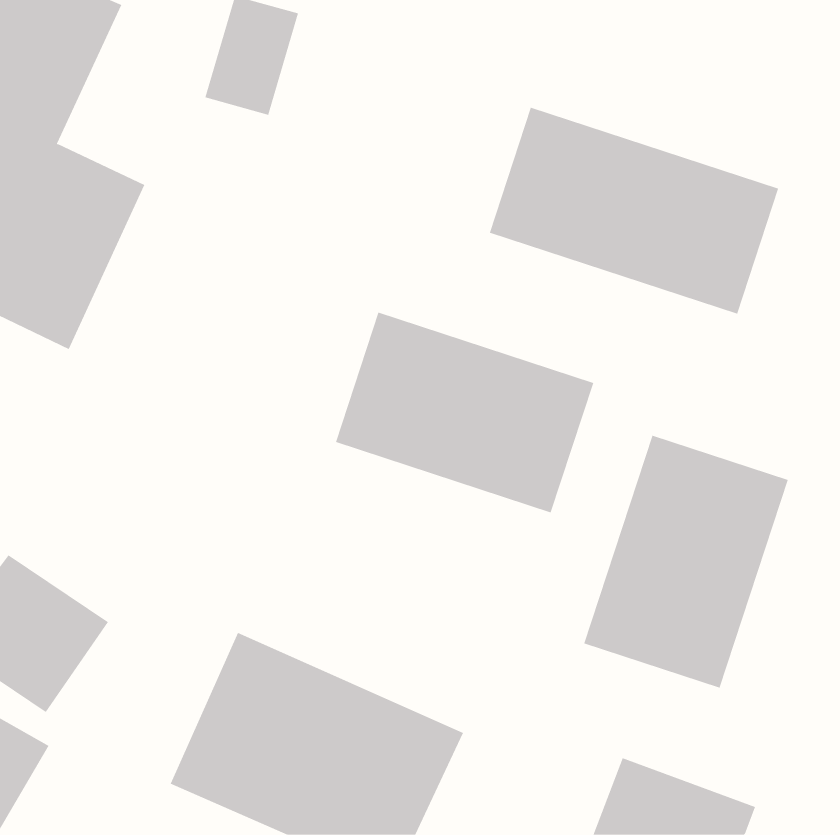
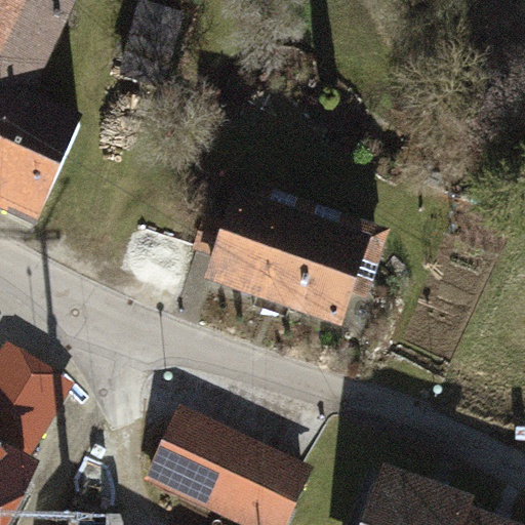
building: [489,107,779,315] -> none
building: [583,435,789,689] -> none

